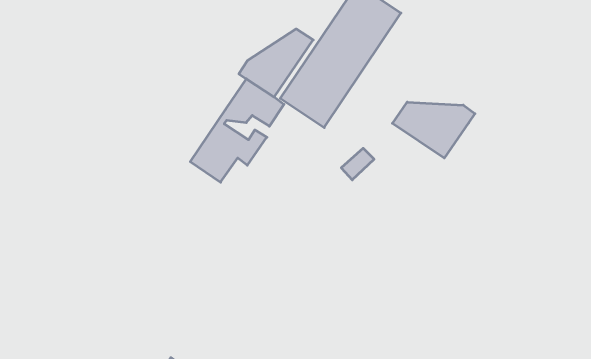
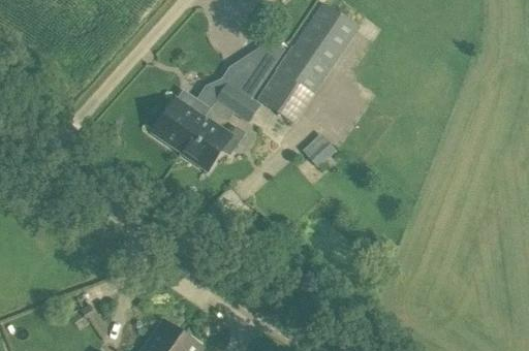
building: none -> [149,89,210,152]
building: [392,102,475,158] -> none

